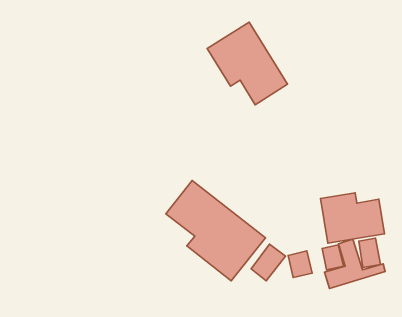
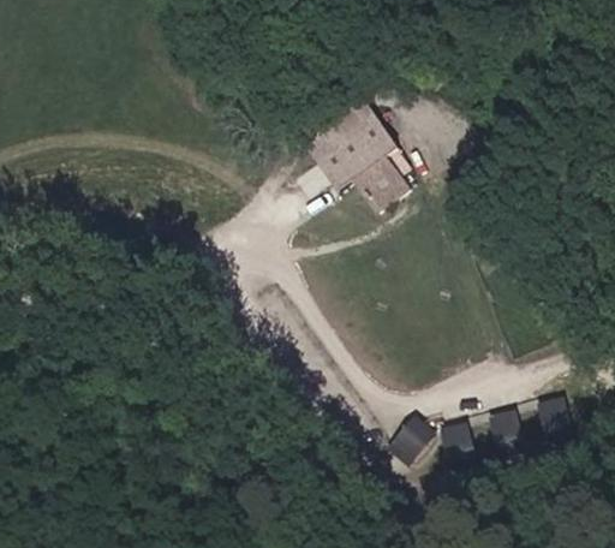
building: [166,181,265,281] -> none
building: [321,193,384,243] -> none

